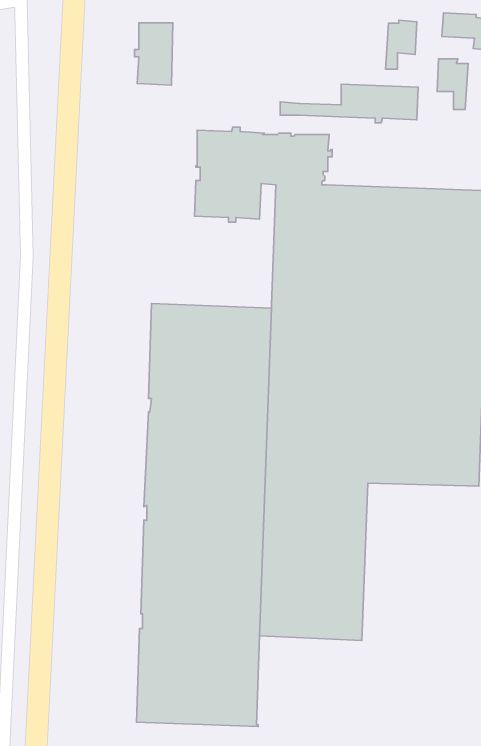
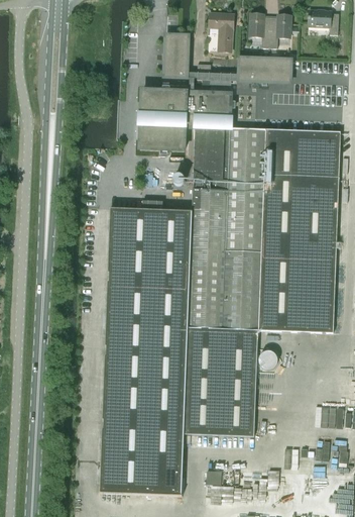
building: none -> [209,12,234,51]
building: [134,23,173,85] -> [162,34,189,77]
building: [437,59,468,109] -> [250,13,271,47]

